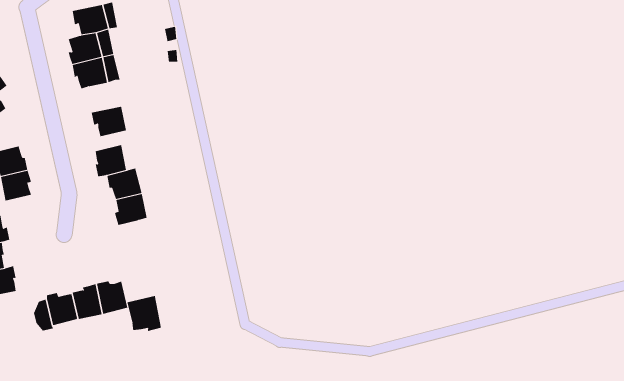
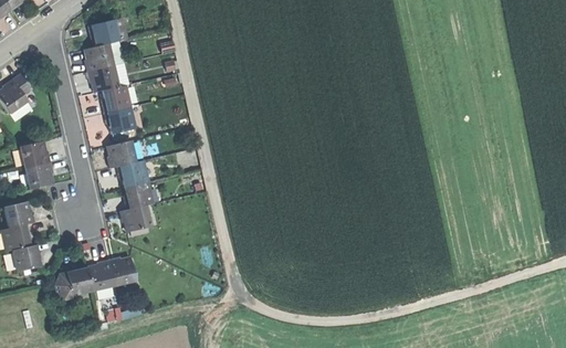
building: none -> [102,85,130,113]
building: none -> [119,205,150,231]
building: [127,295,162,332] -> none

